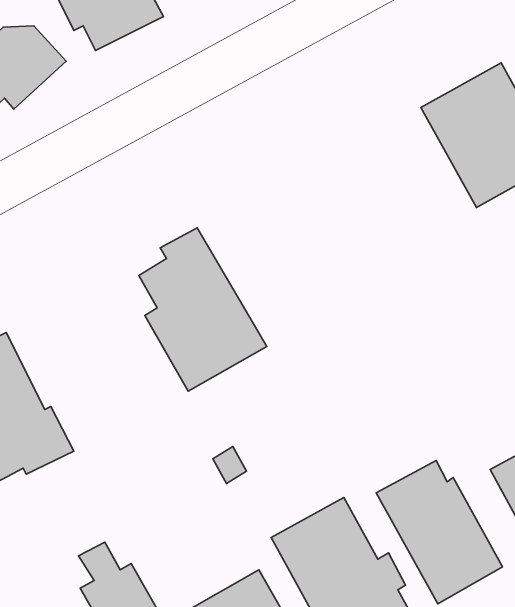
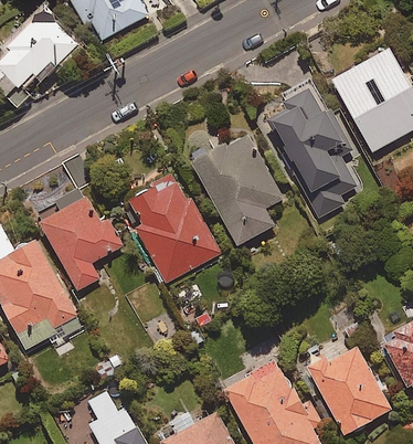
building: none -> [267,80,357,216]
building: none -> [193,135,283,245]
building: none -> [39,195,121,290]

